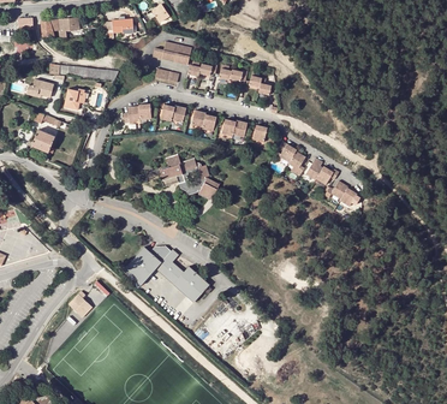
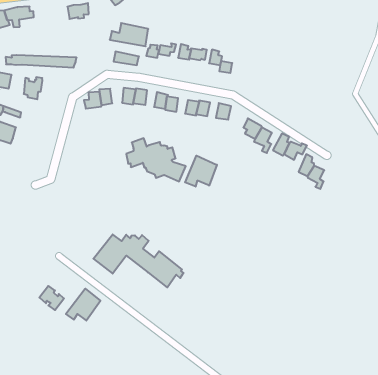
building: none -> [185,156,217,187]
building: none -> [66,289,100,321]

